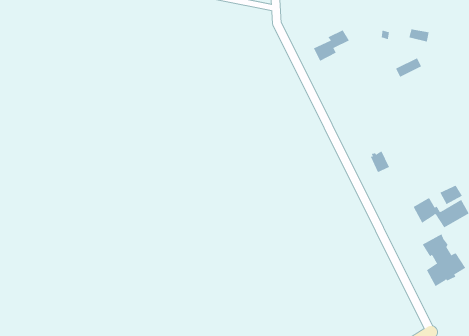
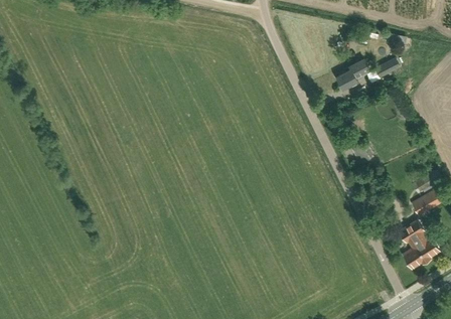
building: [313,29,350,62] -> [336,60,369,90]

